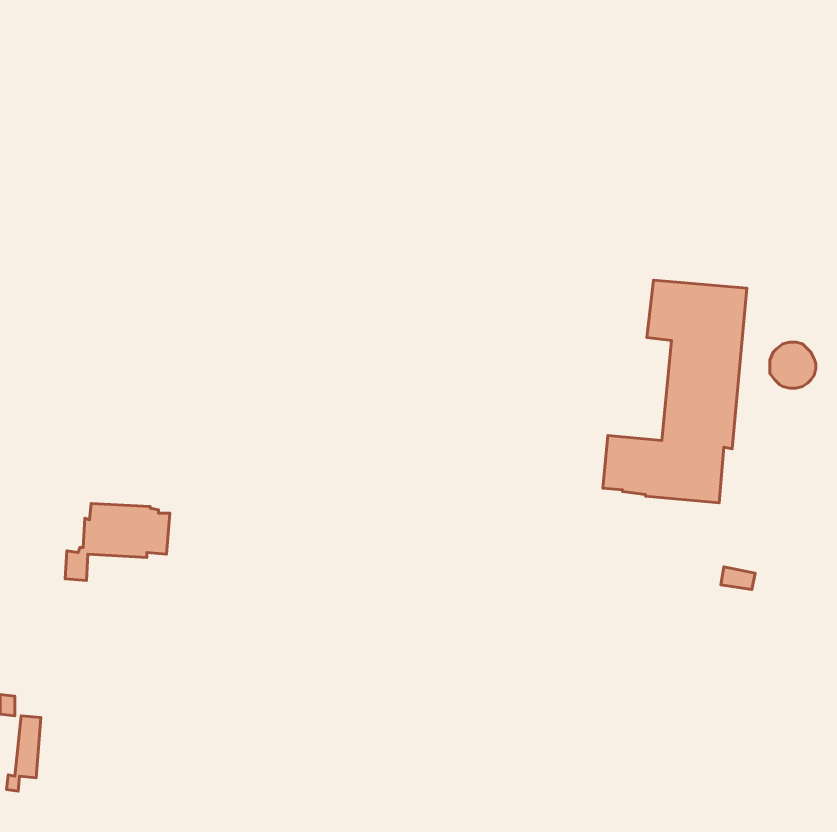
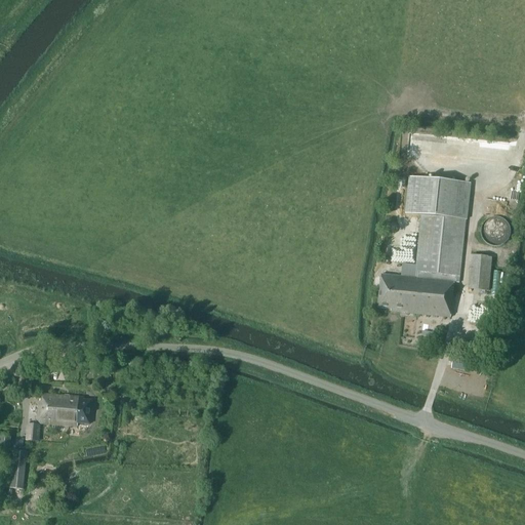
building: none -> [468,253,492,287]
building: [65,503,170,580] -> [26,391,91,439]

